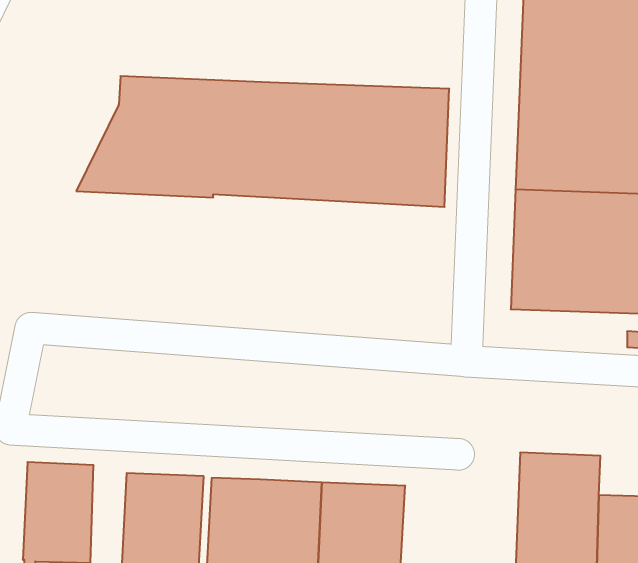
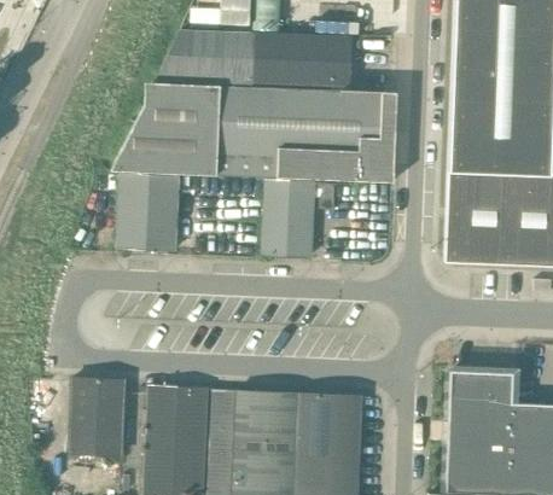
building: none -> [157,31,351,85]
building: none -> [116,175,177,250]
building: none -> [262,181,333,256]

